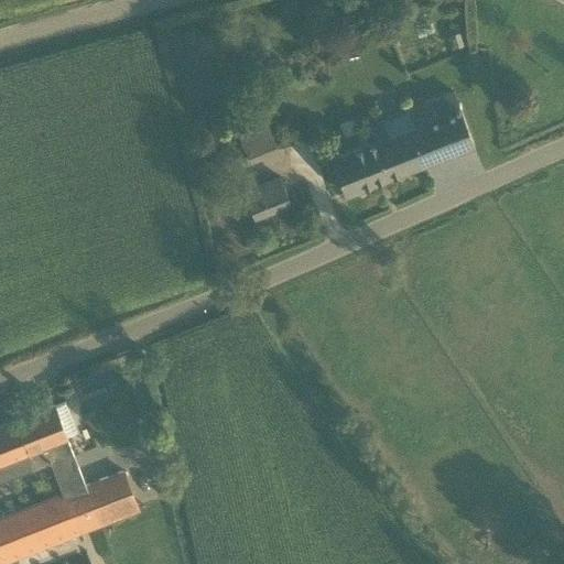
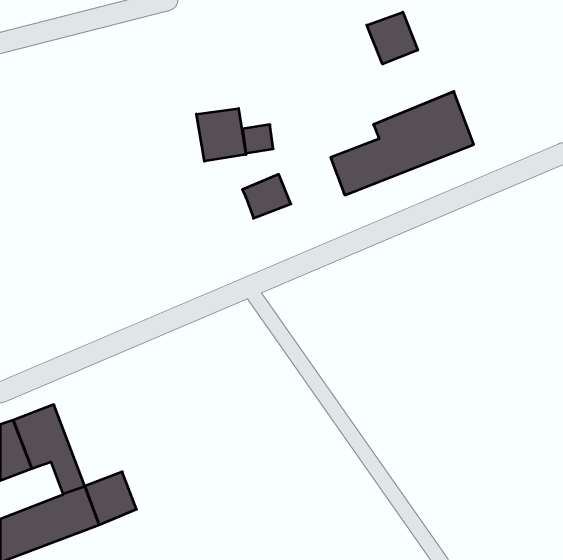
building: none -> [367,12,418,64]
building: none -> [196,108,246,161]

